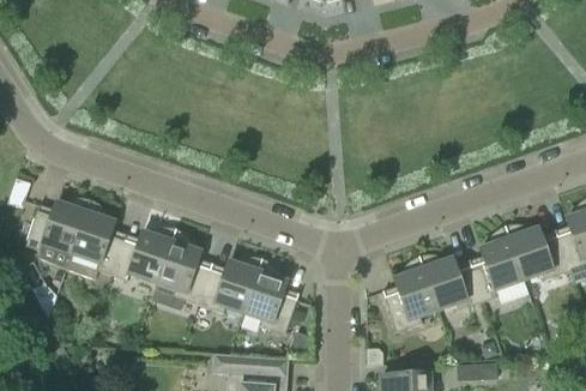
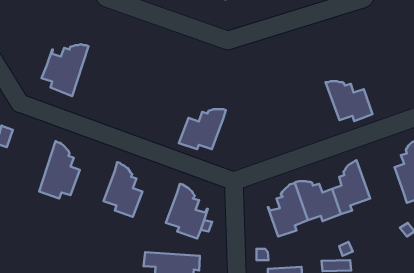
building: [24,198,89,270] -> [42,44,89,96]
building: [503,225,568,281] -> [326,81,373,121]
building: [109,228,174,283] -> none
building: [195,258,260,313] -> [179,109,226,149]

